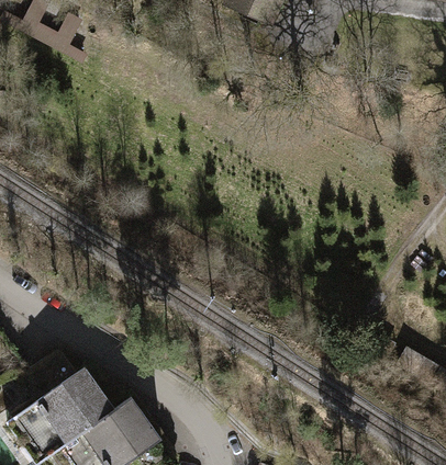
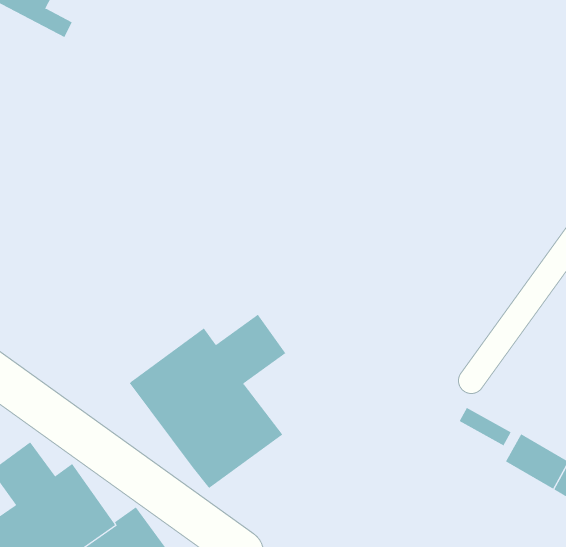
building: none -> [129,314,286,489]

